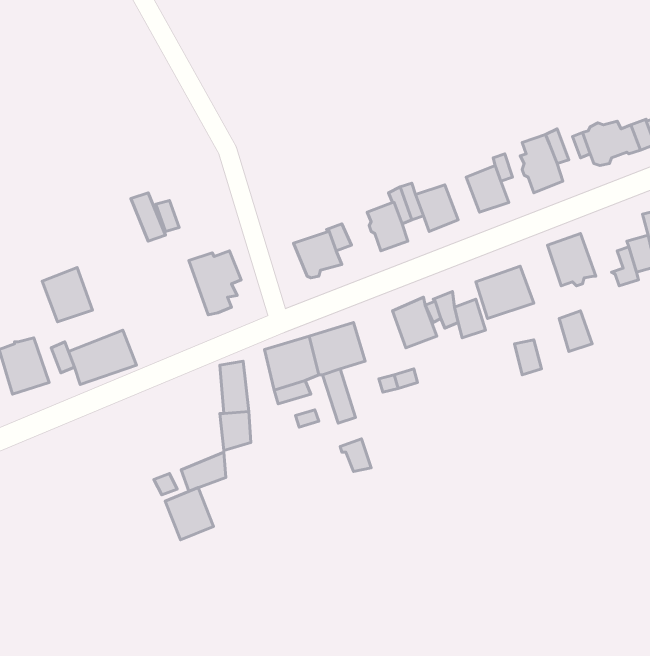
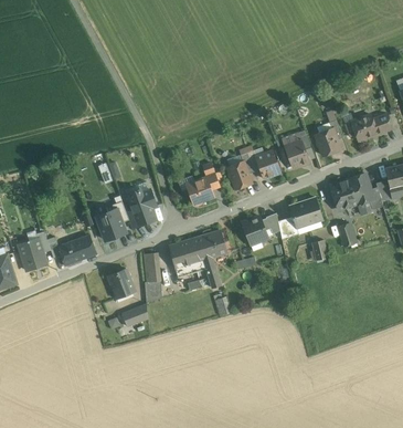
building: none -> [349,174,373,205]
building: [42,268,93,322] -> [96,209,125,240]
building: [165,488,214,540] -> [107,269,135,299]

